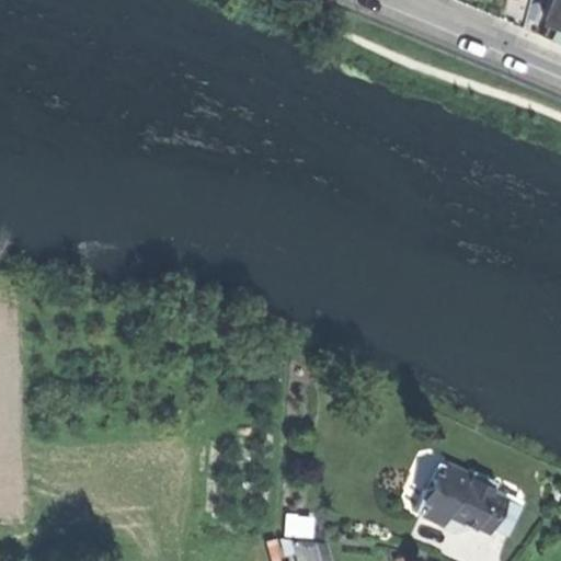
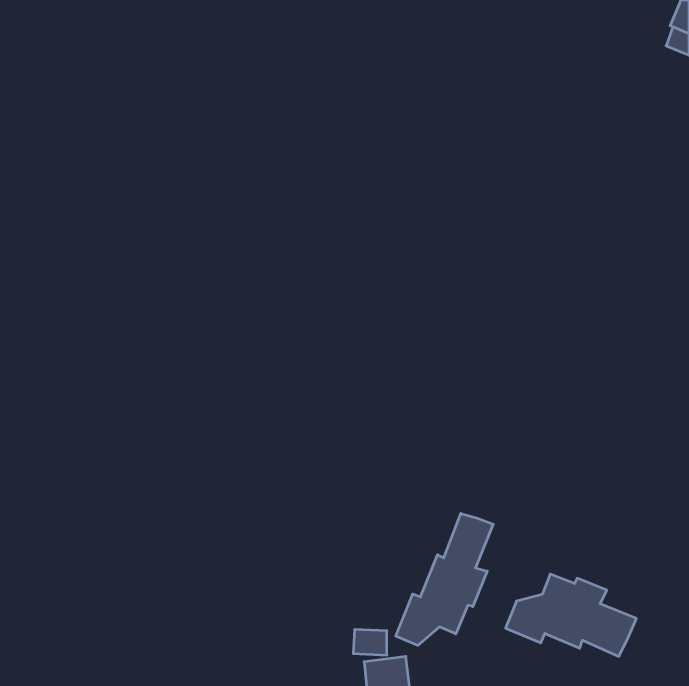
building: none -> [396,513,493,645]

